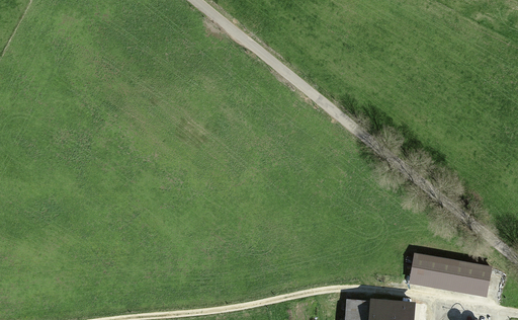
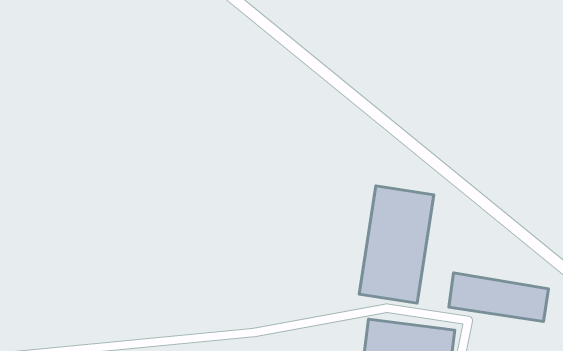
building: none -> [359,186,434,303]

